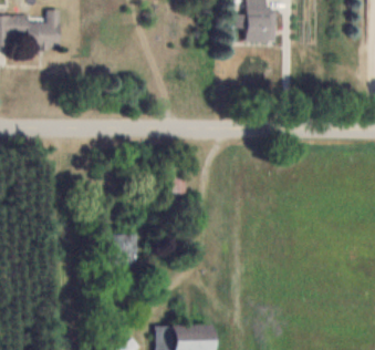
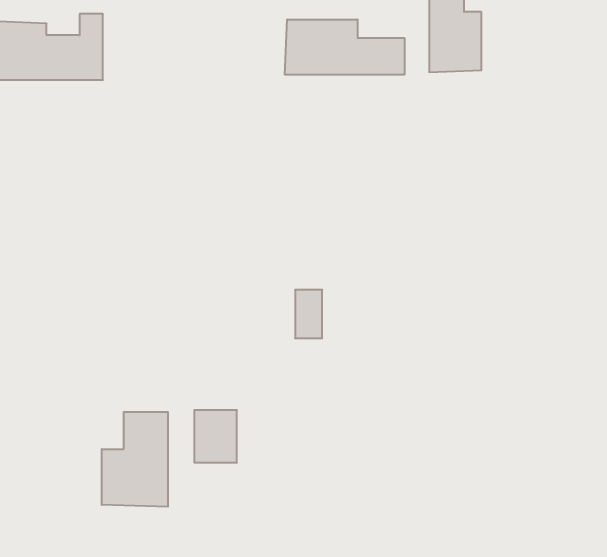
building: none -> [285,19,404,75]
building: none -> [102,412,168,507]

